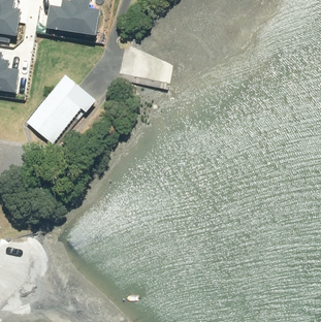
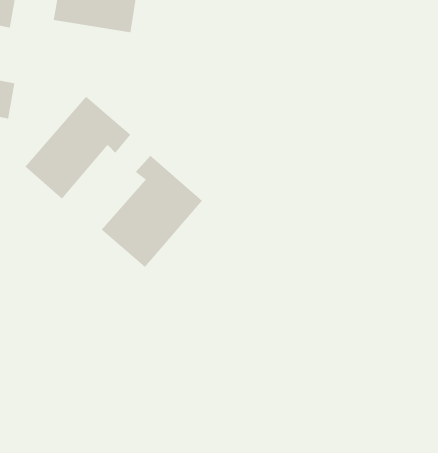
building: none -> [101,155,203,268]

